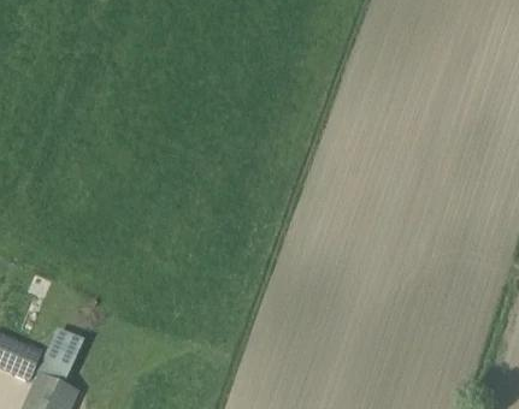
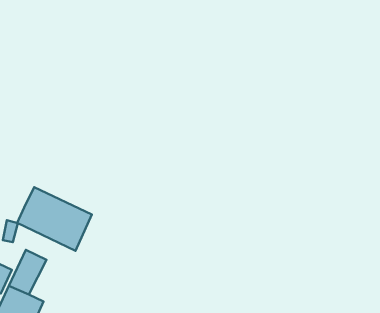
building: none -> [17,187,92,251]

